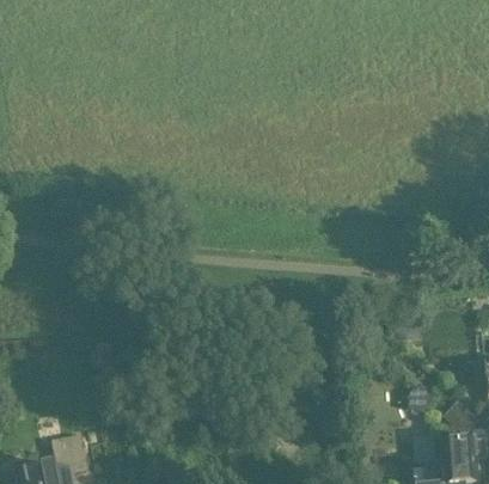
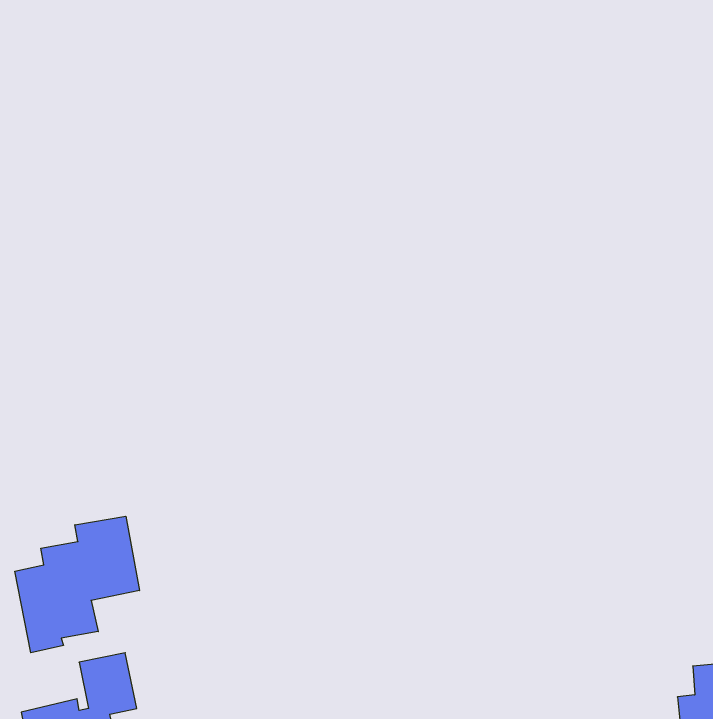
building: none -> [15,516,139,653]

